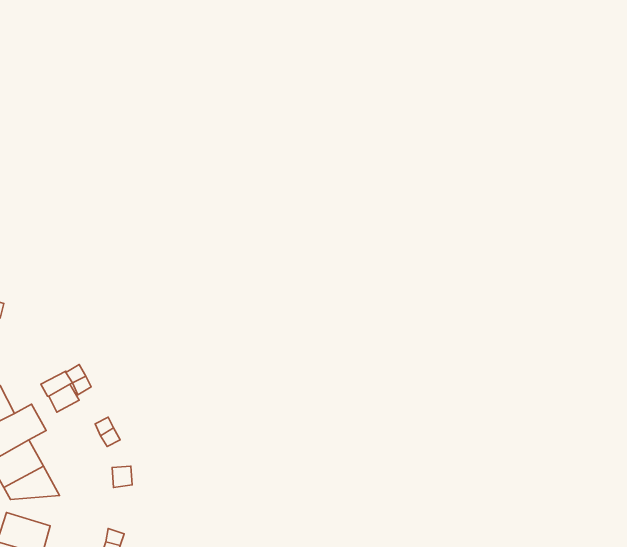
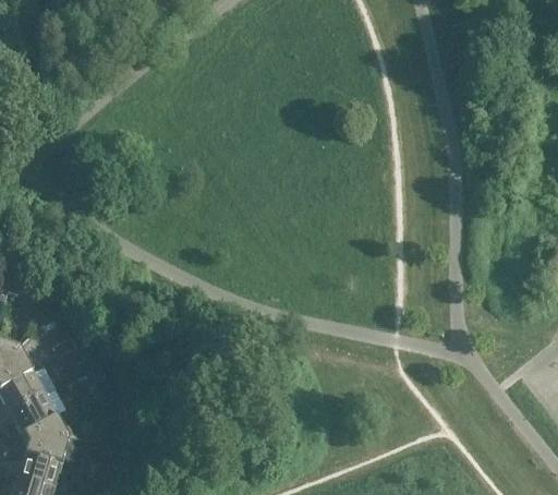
building: none -> [22,439,65,464]

